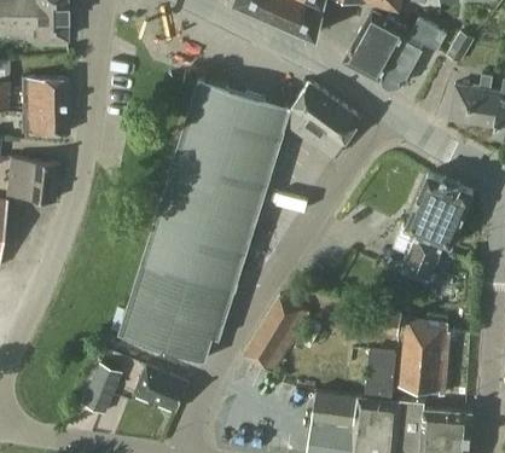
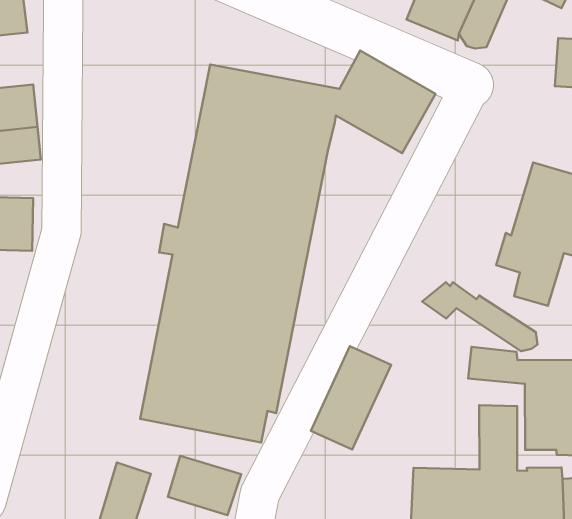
building: none -> [422,282,537,351]

